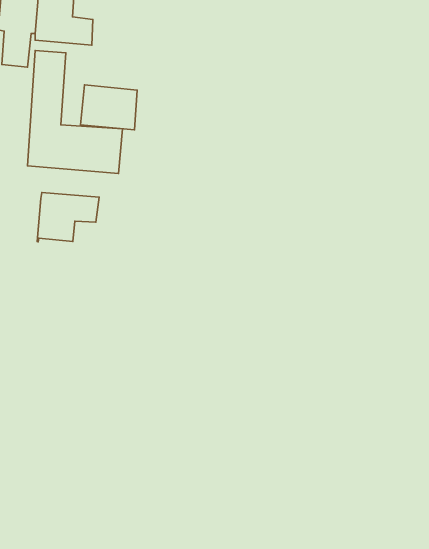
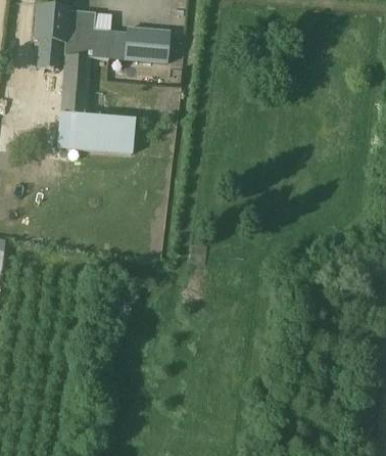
building: [81,85,137,130] -> [124,27,168,62]
building: [37,192,99,242] -> none

